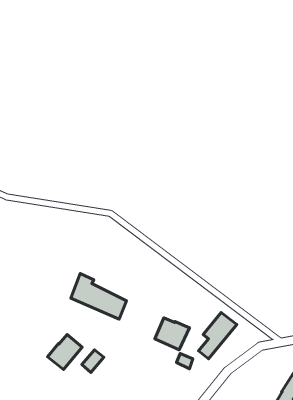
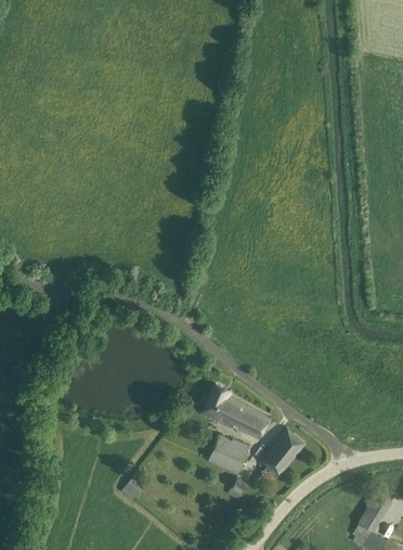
building: [71,274,127,319] -> [205,385,271,439]
building: [47,334,82,370] -> none

